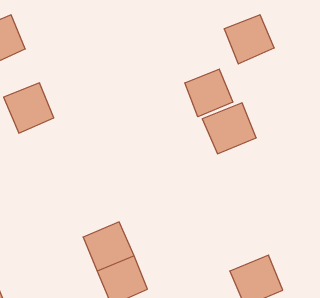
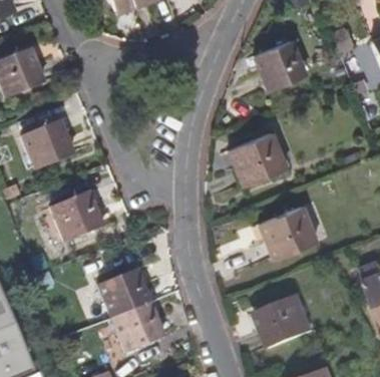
building: [185,69,233,117] -> none
building: none -> [48,187,101,241]
building: none -> [259,208,316,262]

